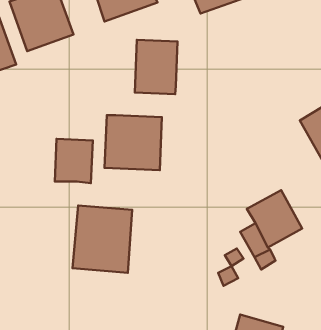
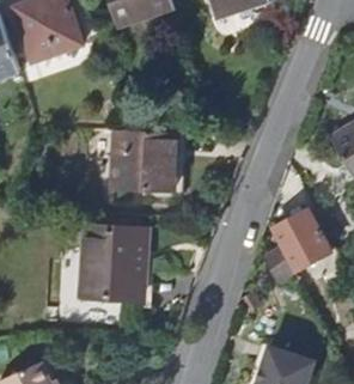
building: [135,40,177,94] -> none
building: [55,139,93,183] -> none

